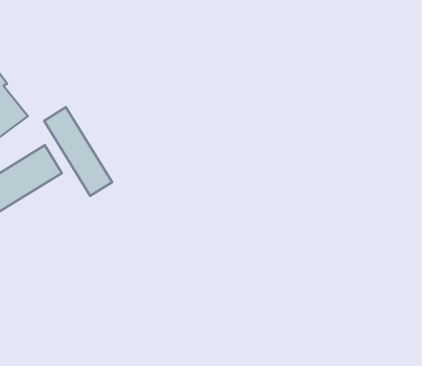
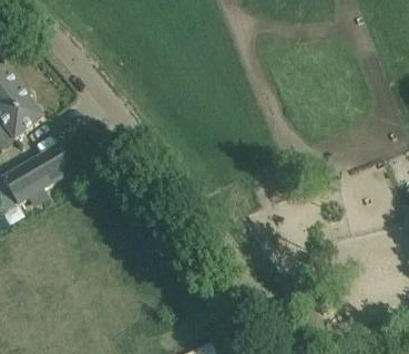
building: [44,107,112,196] -> none

